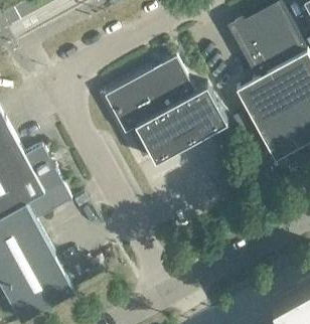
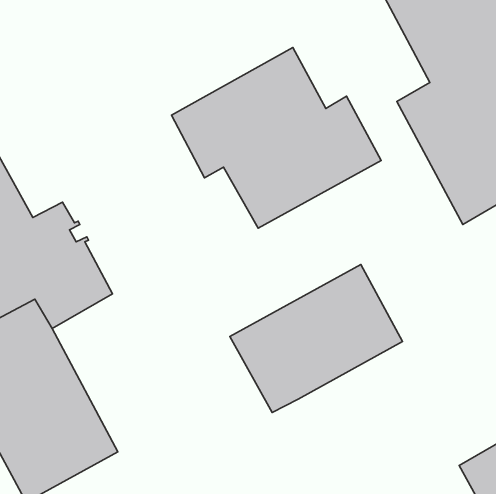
building: none -> [230,265,402,412]

